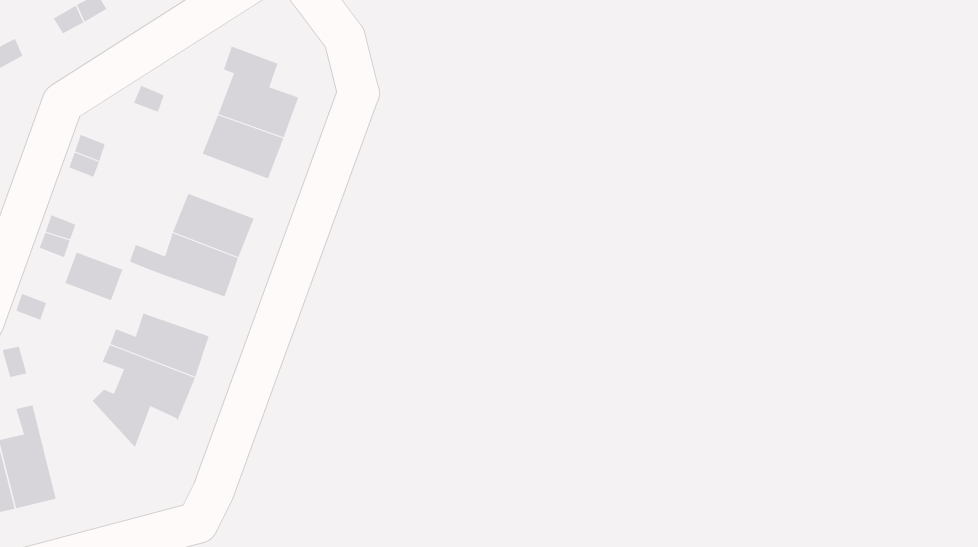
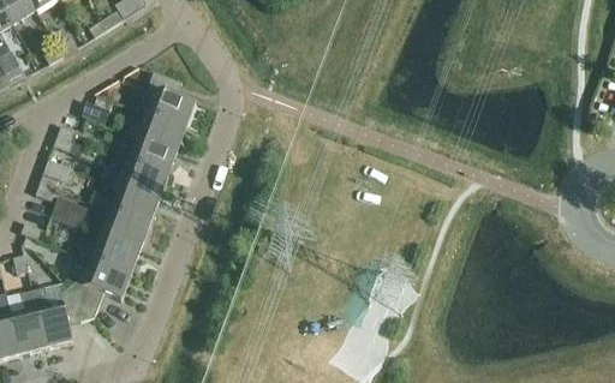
building: none -> [125,134,174,174]
building: none -> [97,208,148,246]
building: none -> [30,286,92,346]

